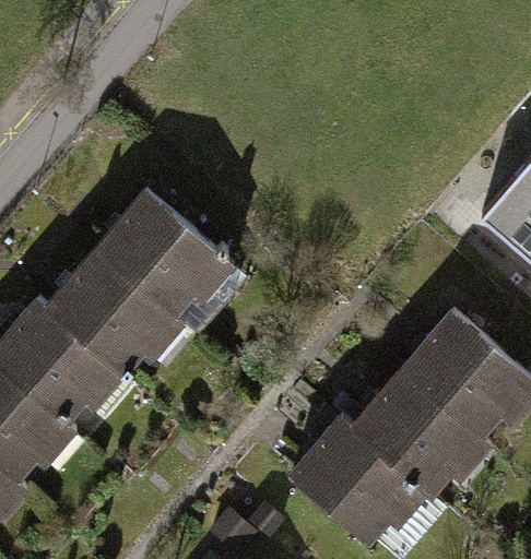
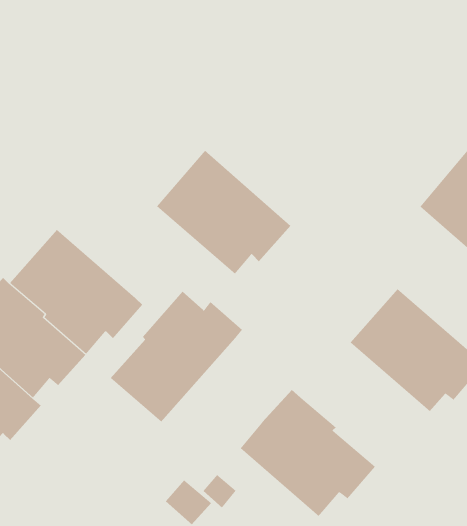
building: [96,186,238,317] -> [156,150,291,275]
building: none -> [110,291,243,423]
building: [353,364,496,499] -> none

